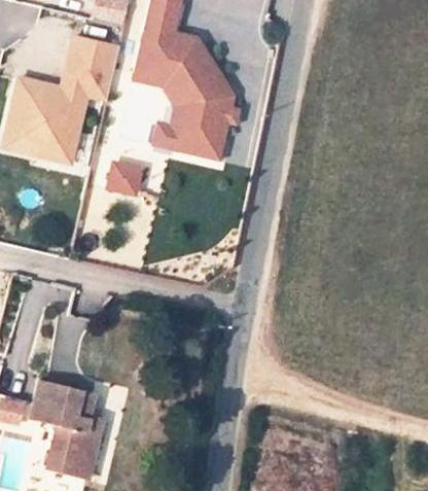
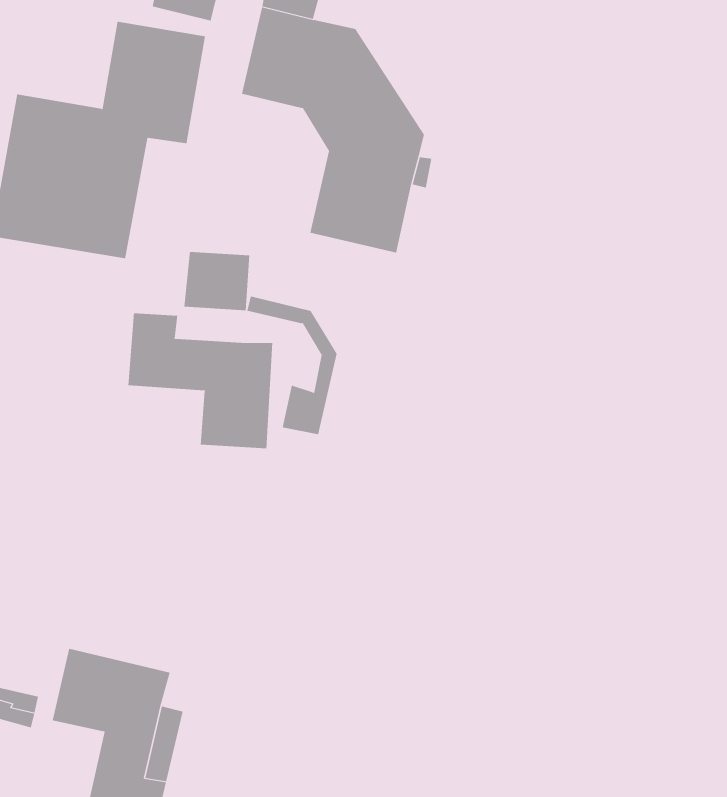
building: [134,72,184,149] -> [247,296,337,435]
building: none -> [128,312,273,449]

